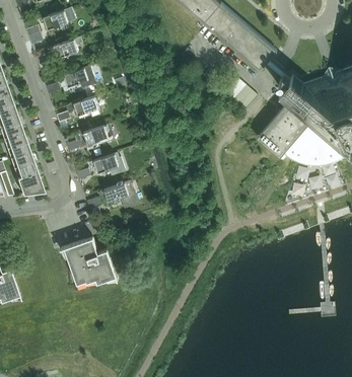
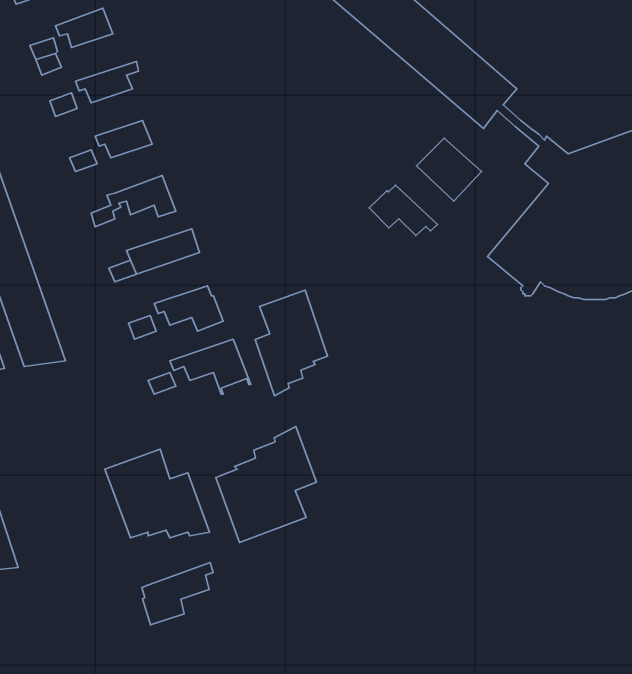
building: none -> [369,185,437,235]
building: none -> [255,290,327,396]
building: none -> [216,427,316,543]
building: none -> [142,562,213,625]

